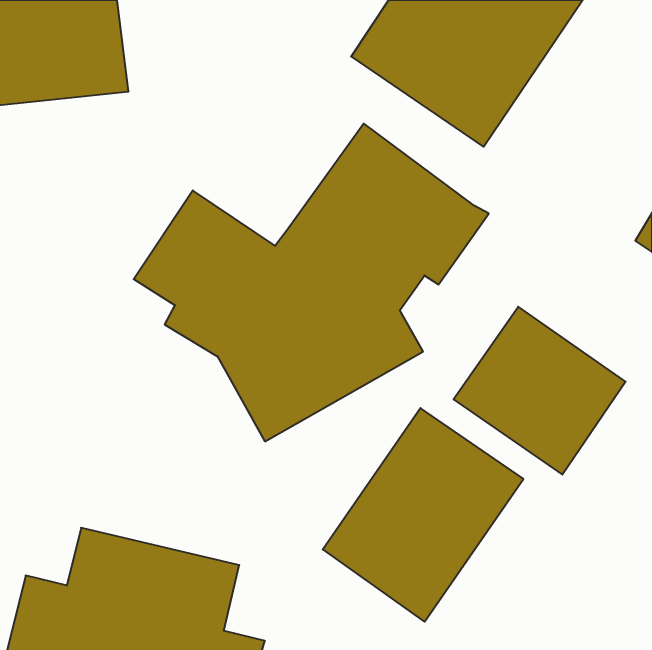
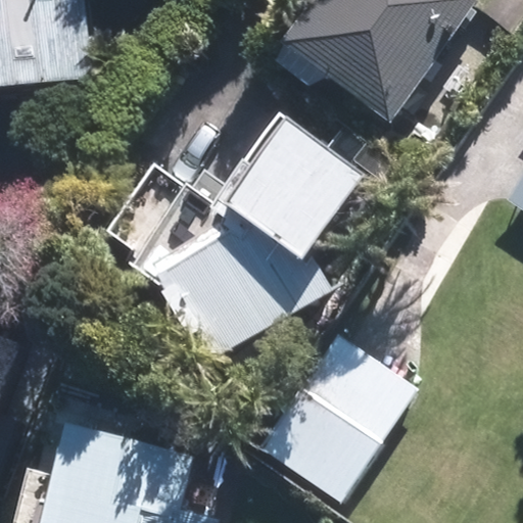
building: [454,307,626,475] -> none

